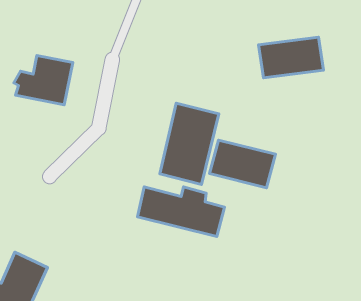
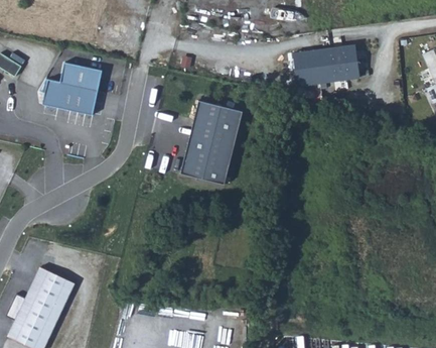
building: [210,140,275,188] -> none
building: [137,187,224,236] -> none

